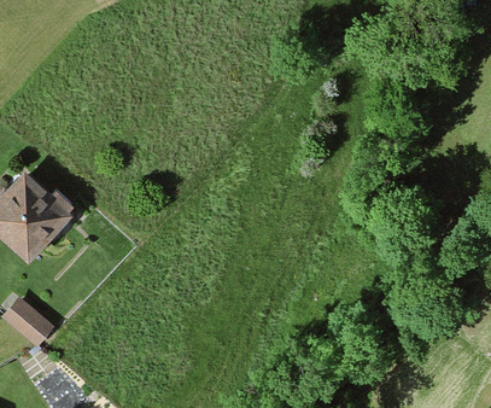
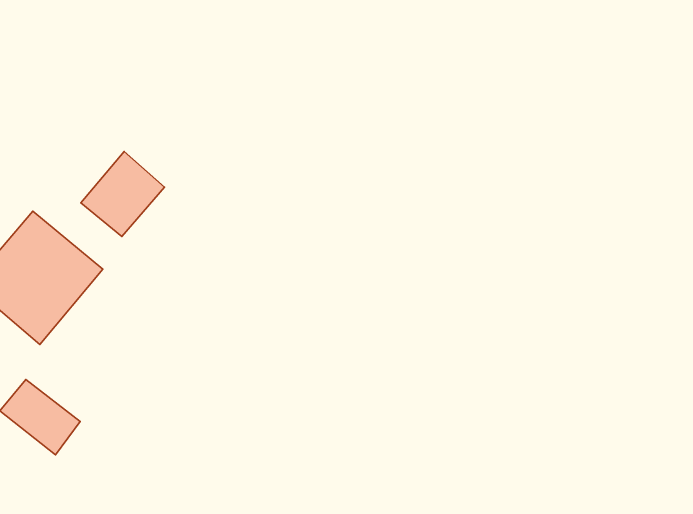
building: none -> [81,152,164,236]

